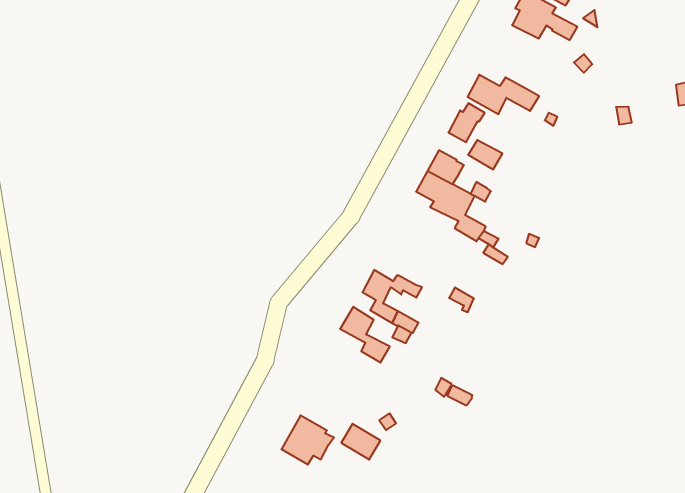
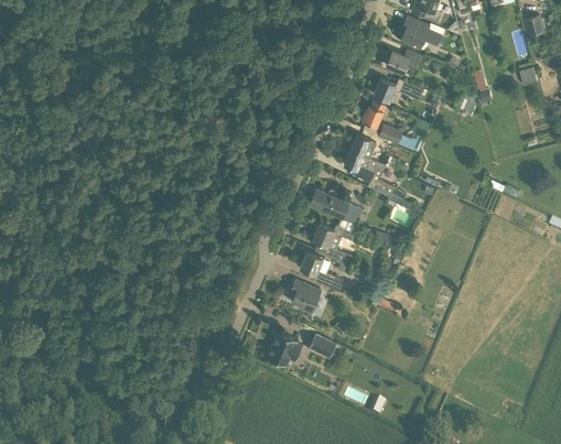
building: none -> [386,48,422,75]
building: none -> [310,188,363,230]
building: none -> [289,278,322,313]

